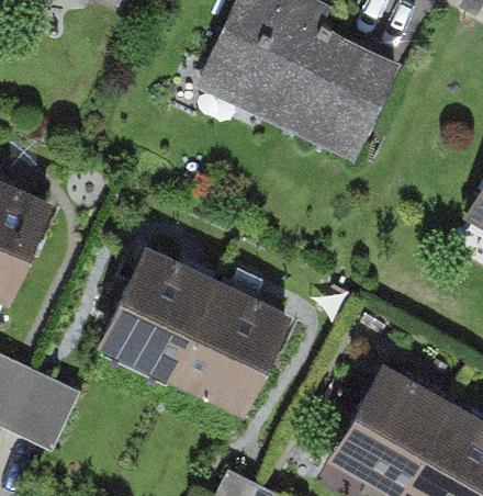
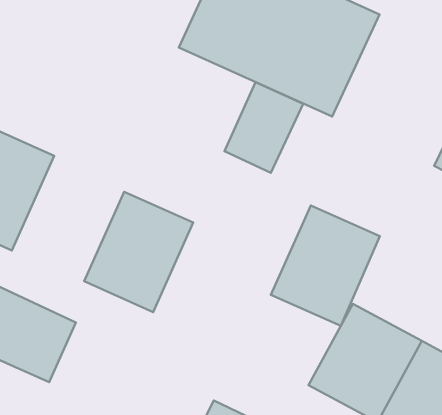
building: none -> [224,82,303,173]
building: [166,279,282,407] -> [271,205,380,326]

